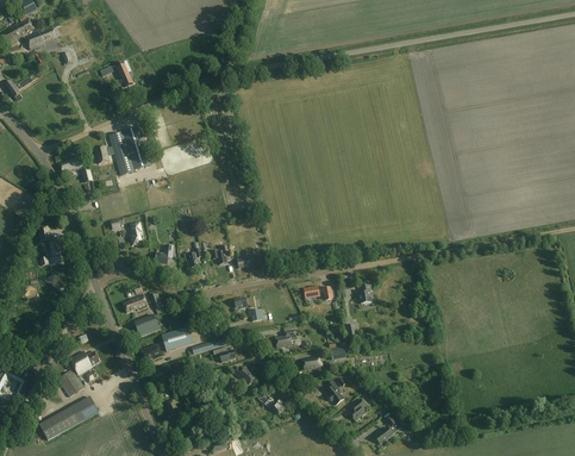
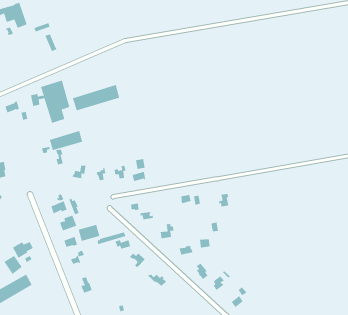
building: none -> [72,84,120,111]
building: none -> [49,130,83,151]

